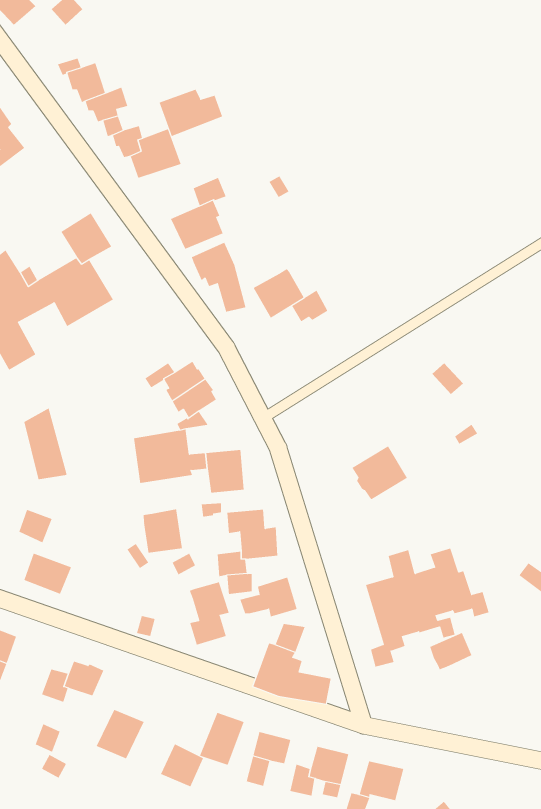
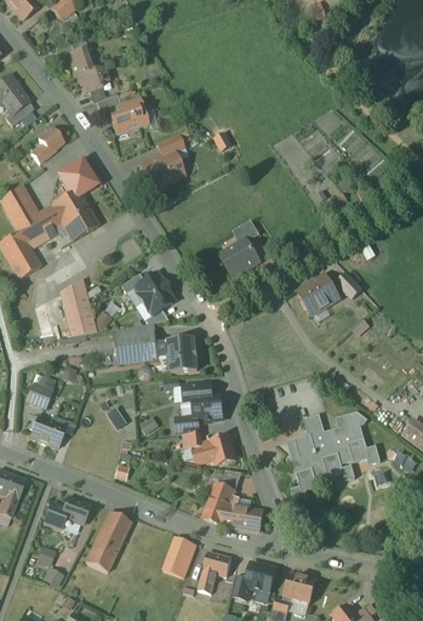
building: [159,89,223,137] -> none
building: none -> [32,126,64,164]
building: [191,242,246,312] -> none
building: [253,269,304,319] -> [219,239,258,277]
building: [23,407,67,480] -> [62,281,95,336]
building: [351,445,408,500] -> [297,274,339,315]
building: [143,509,183,554] -> none
building: [189,582,229,646] -> none
building: [429,632,472,670] -> none
building: [160,744,204,787] -> [98,511,131,543]

